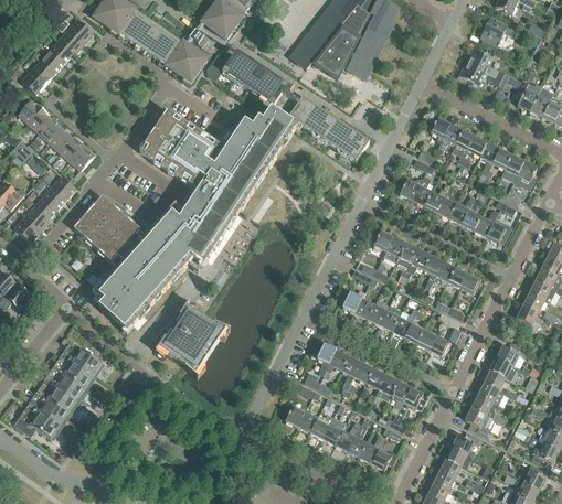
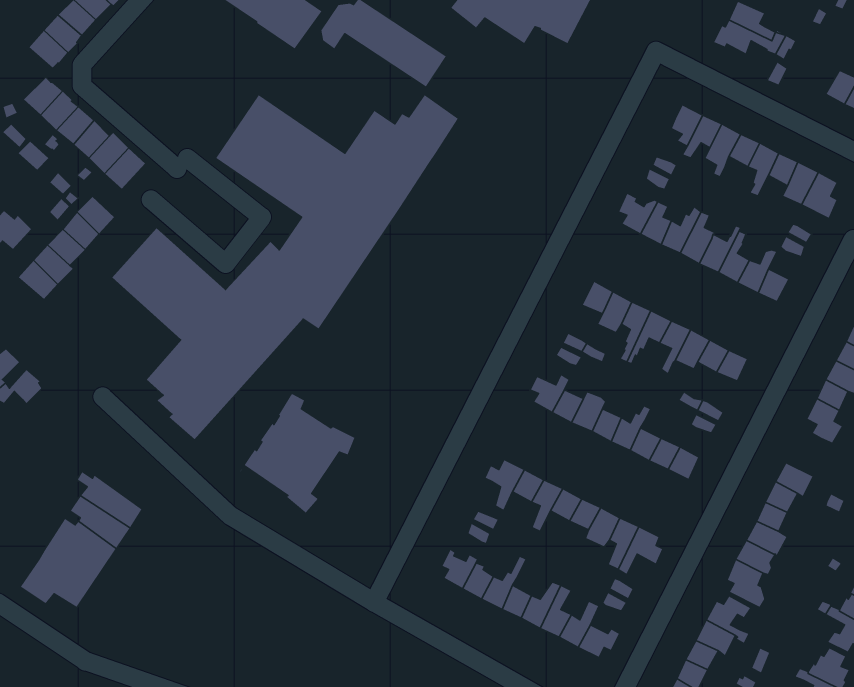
building: [513,79,541,110] -> none
building: [273,81,369,161] -> none
building: [61,336,102,375] -> none

